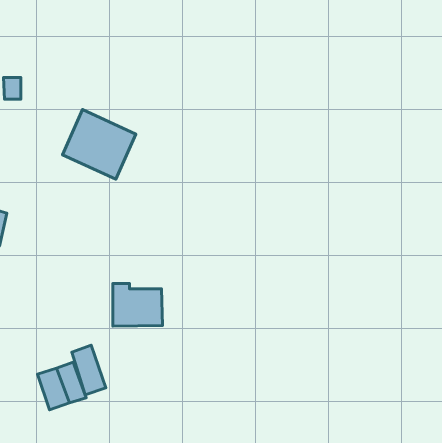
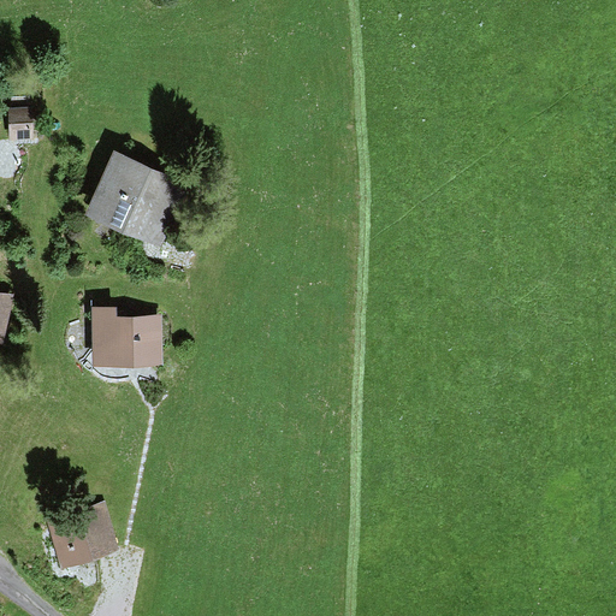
building: [113,284,162,326] -> [91,309,160,368]
building: [72,345,106,395] -> none

